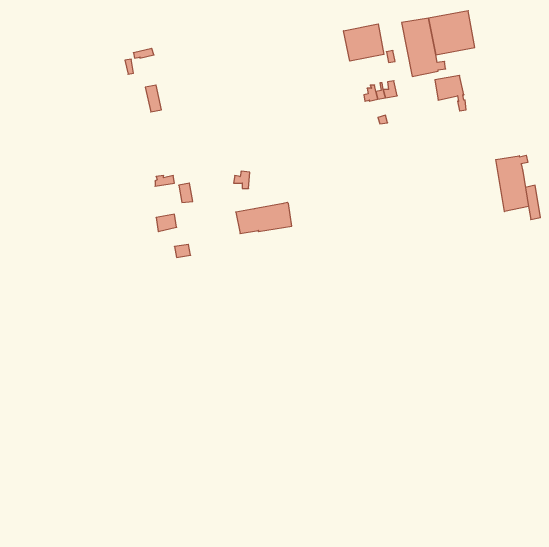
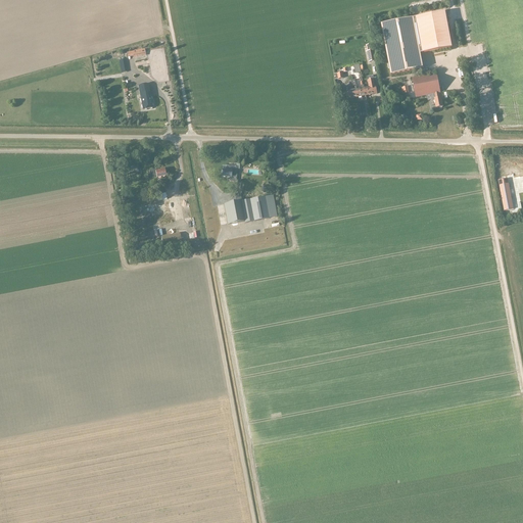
building: [344,24,384,61] -> none
building: [496,155,528,212] -> none

